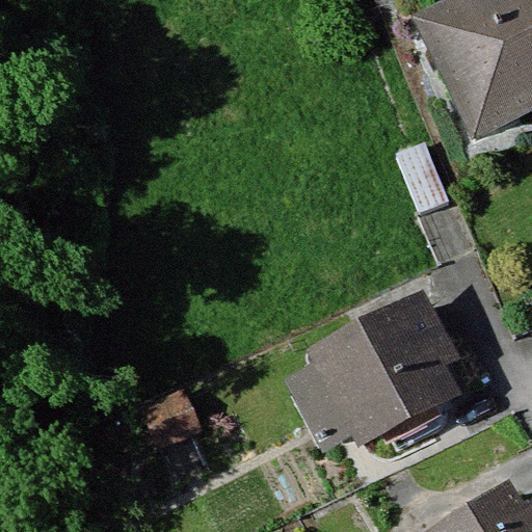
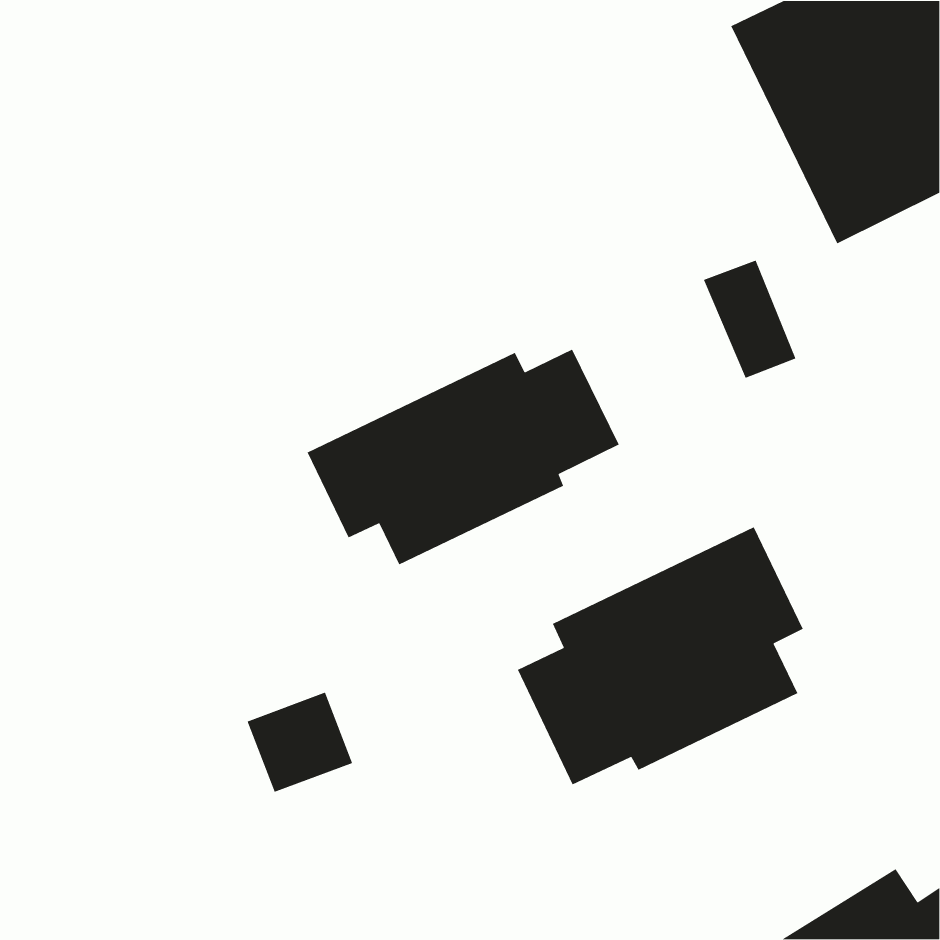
building: none -> [307,348,620,566]

